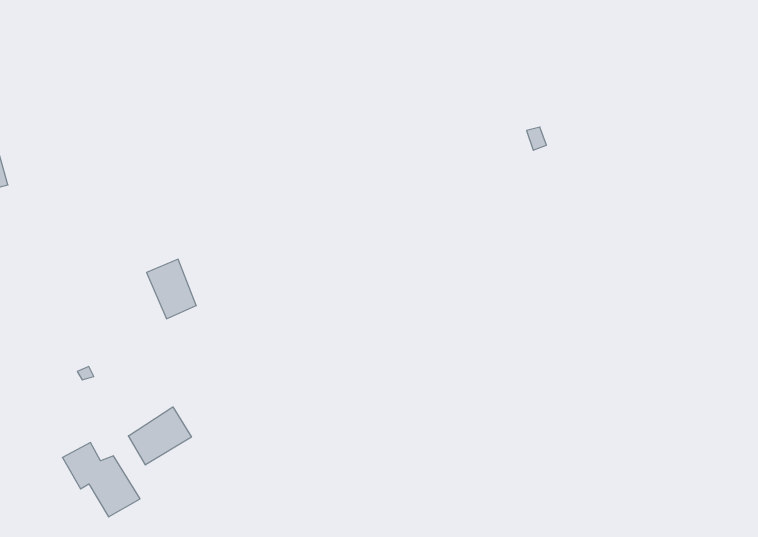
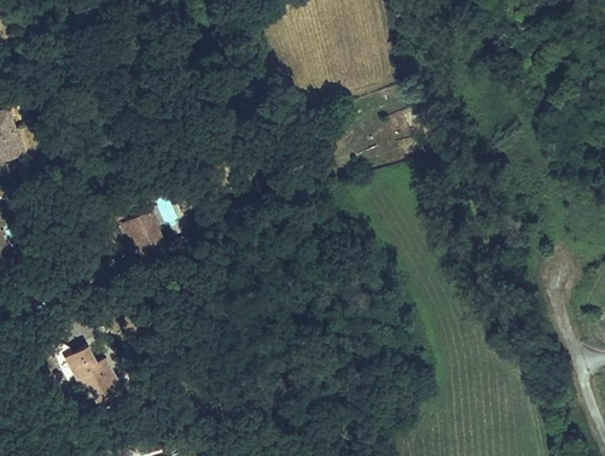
building: [128,407,191,465] -> none

